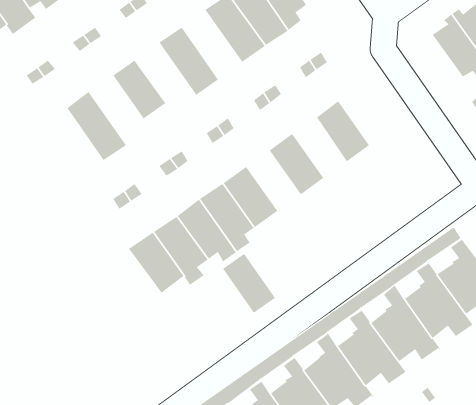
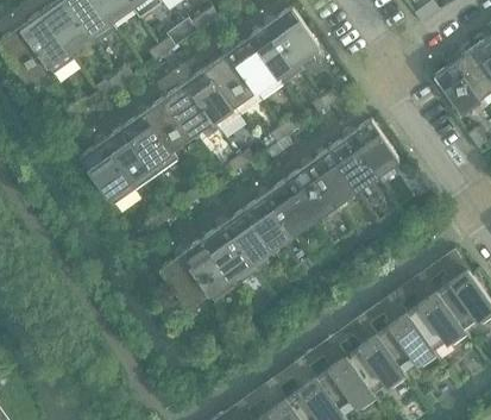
building: none -> [207,52,262,115]
building: none -> [164,82,220,139]
building: none -> [122,112,178,175]
building: none -> [348,119,399,183]
building: none -> [80,142,136,205]
building: none -> [307,150,355,205]
building: [222,253,276,314] -> [265,180,314,234]

